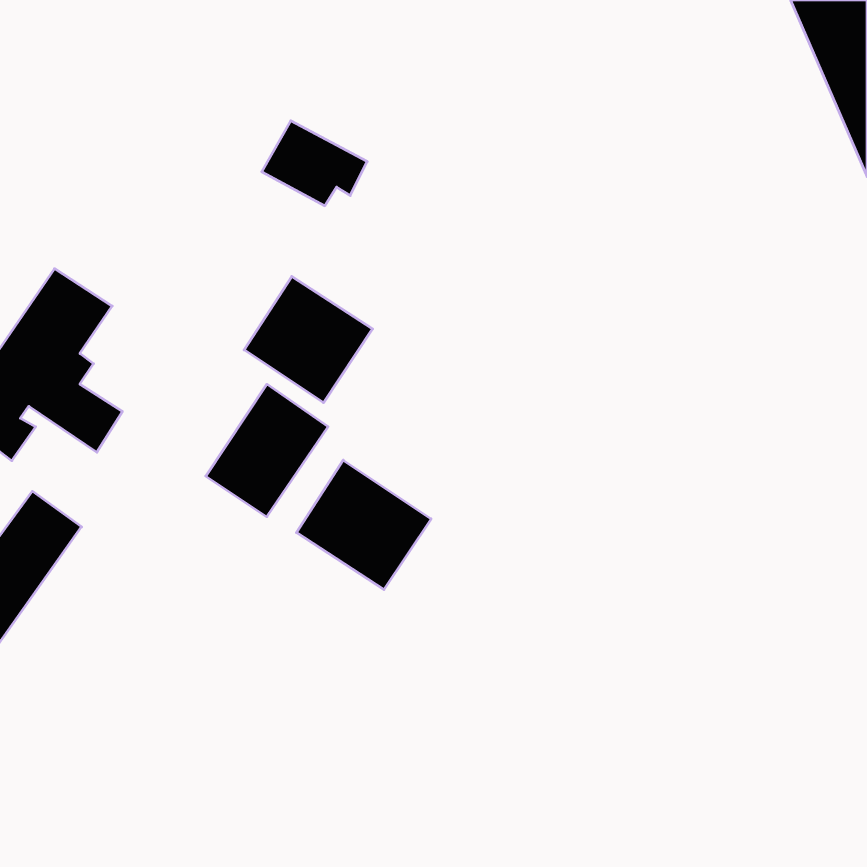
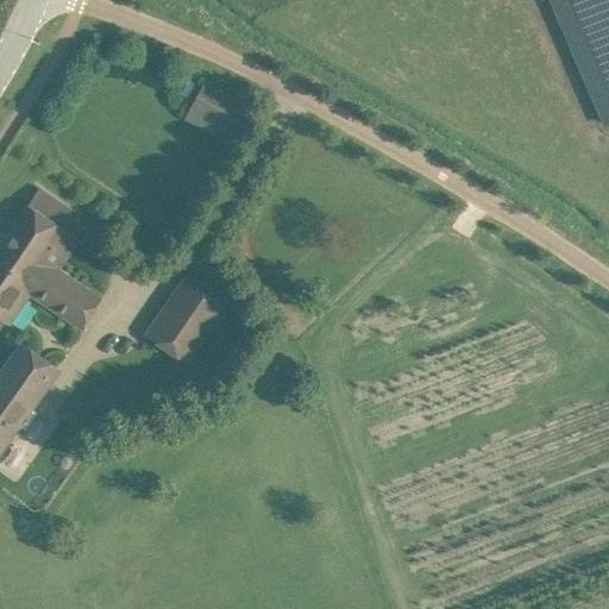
building: [244,276,373,403] -> none
building: [296,460,431,590] -> none

